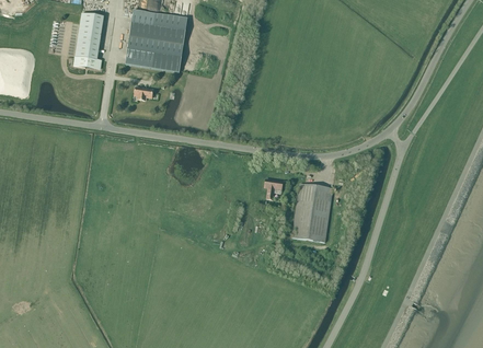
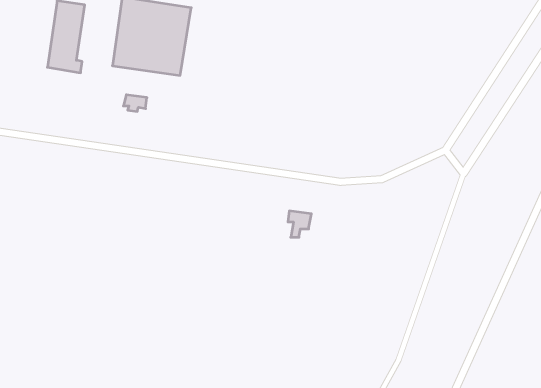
building: [291,183,332,242] -> none

